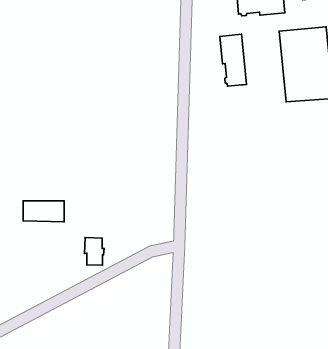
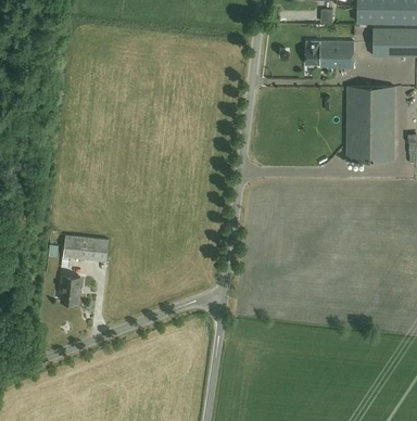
building: [220,34,246,86] -> none
building: [85,238,104,265] -> [59,275,79,305]

